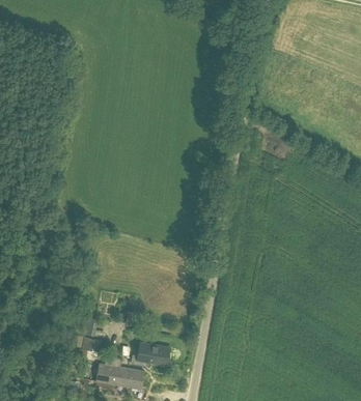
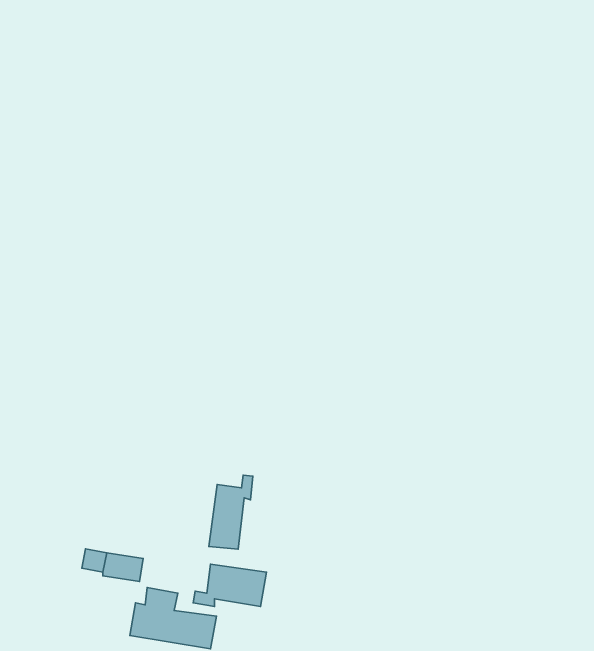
building: none -> [209,475,253,549]

